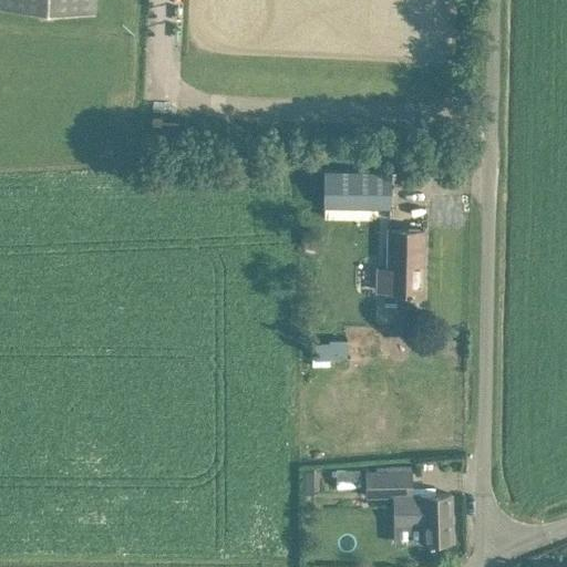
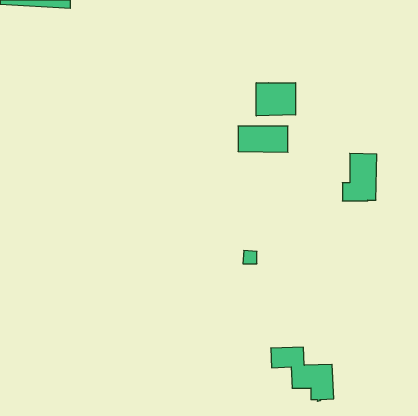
building: none -> [256,83,296,116]
building: [378,231,424,296] -> [342,153,377,201]

